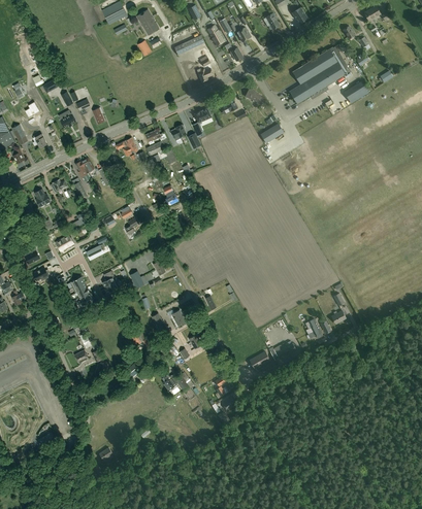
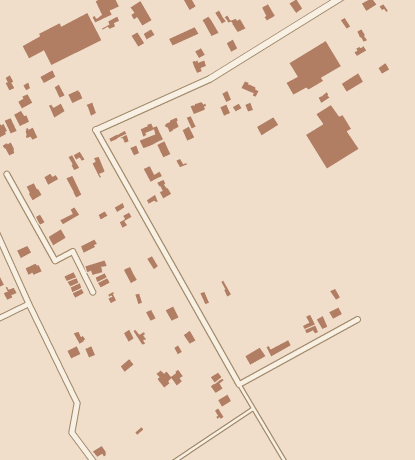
building: none -> [22,12,102,66]
building: none -> [305,104,359,169]

